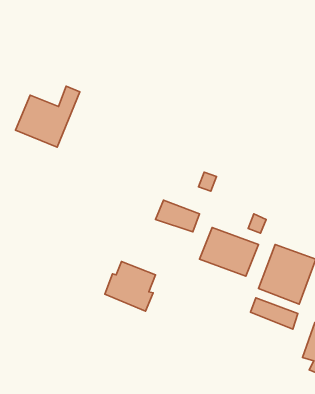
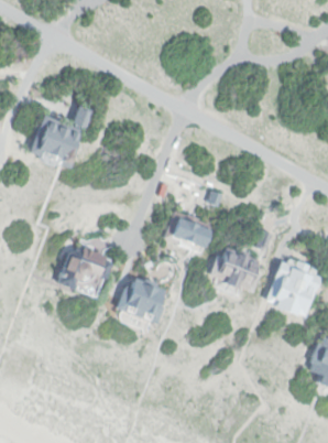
building: none -> [56,248,116,289]
building: [250,298,298,329] -> none

